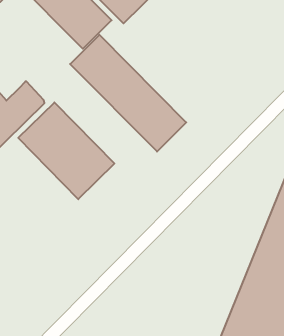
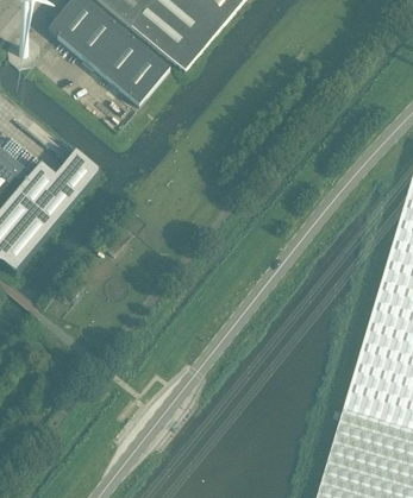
building: [70,35,186,152] -> none
building: [18,102,114,199] -> none

